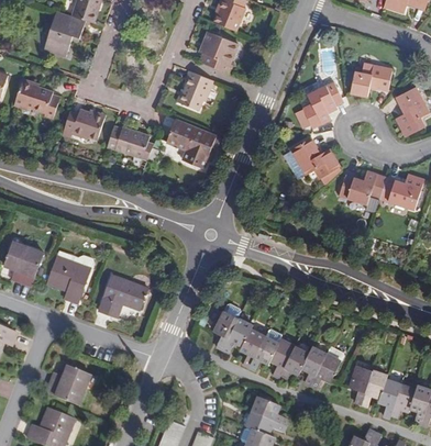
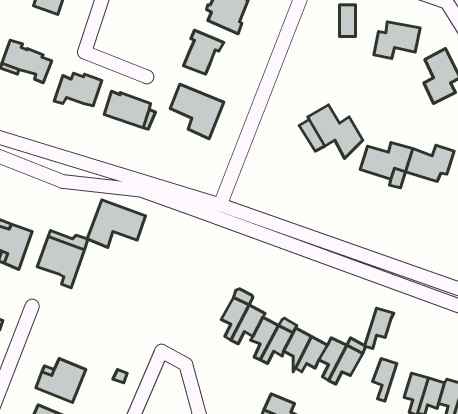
building: [302,82,343,127] -> none
building: [99,275,152,317] -> [87,200,146,247]
building: [361,370,387,406] -> [364,308,394,349]

